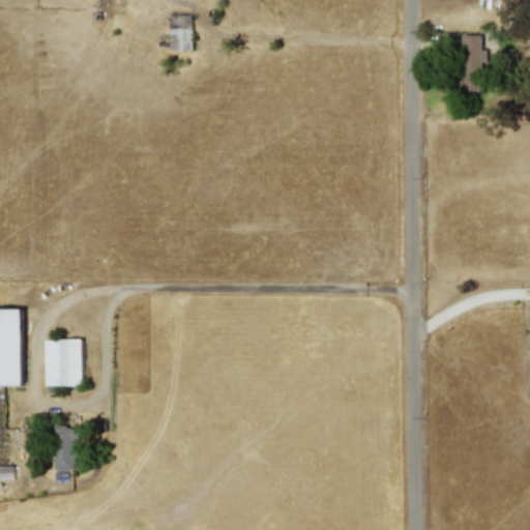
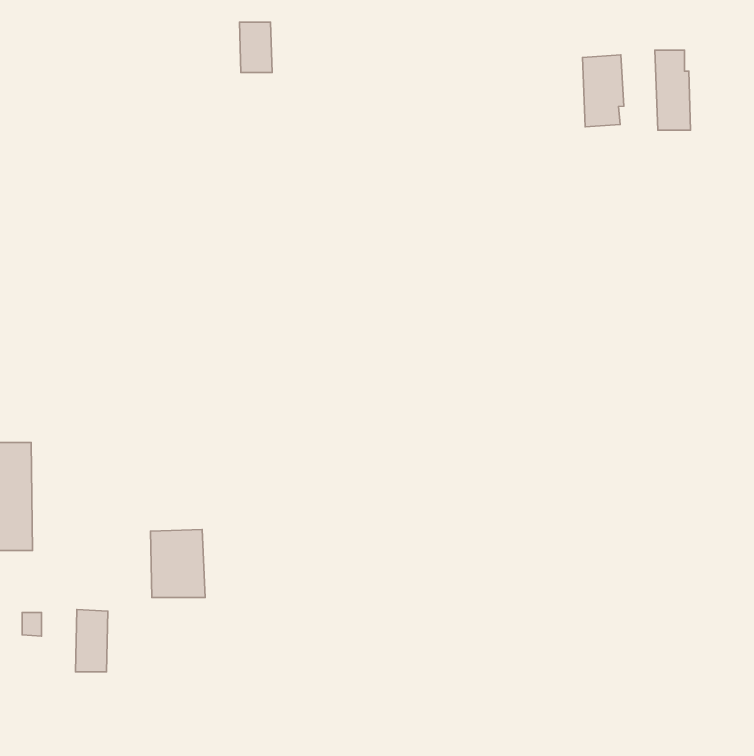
building: none -> [582,55,624,127]
building: [43,338,82,386] -> [150,530,205,598]

